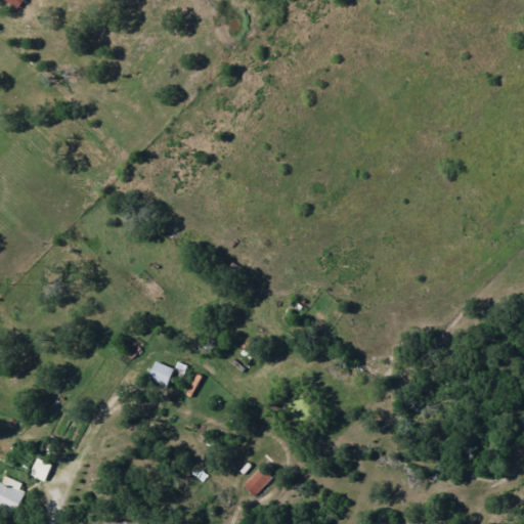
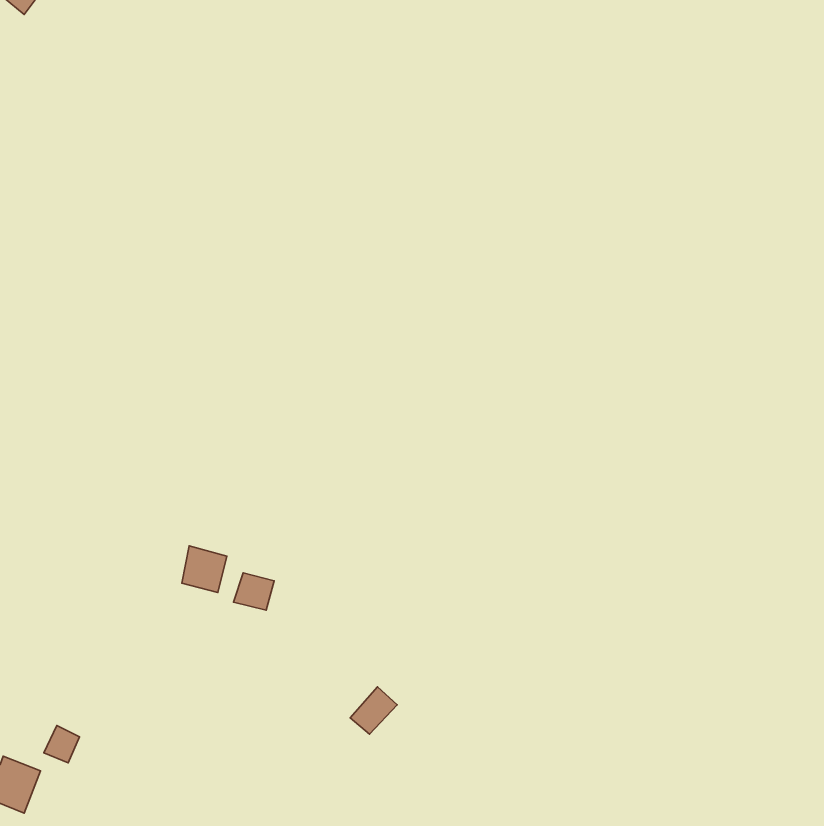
building: none -> [182,546,227,592]
building: [242,466,271,495] -> [350,687,397,734]

